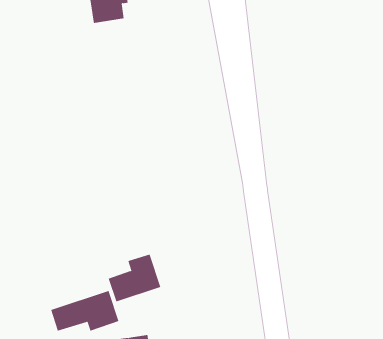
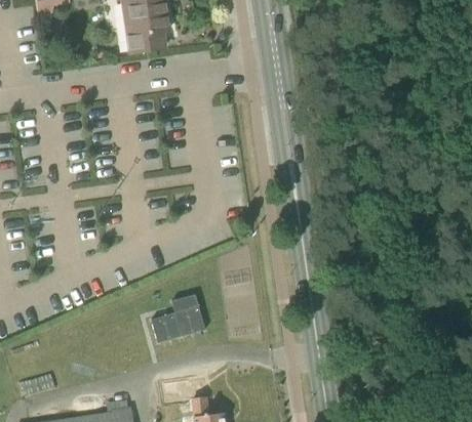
building: [50,290,119,332] -> none

